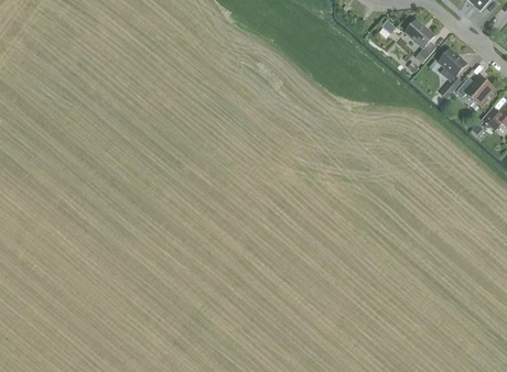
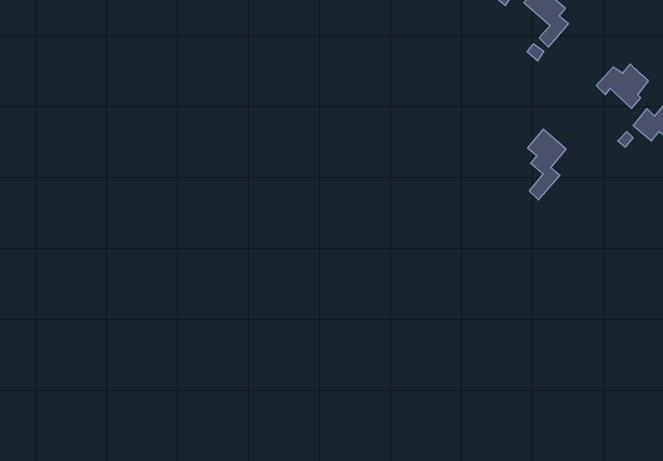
building: [439,48,466,99] -> [528,129,566,200]

